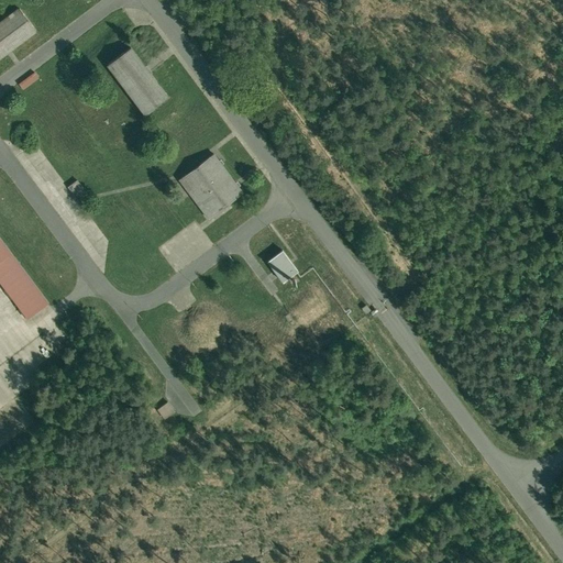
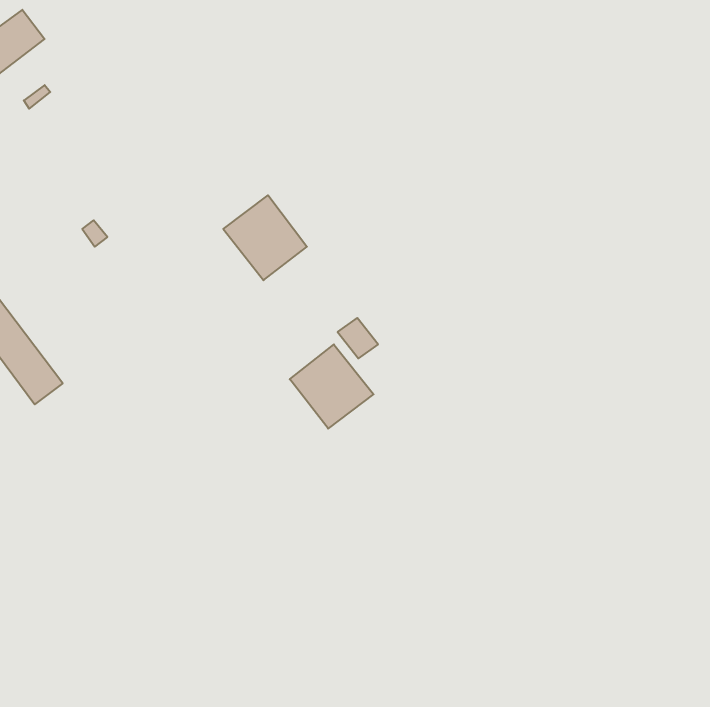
building: [103,45,167,114] -> none
building: none -> [290,344,374,429]

